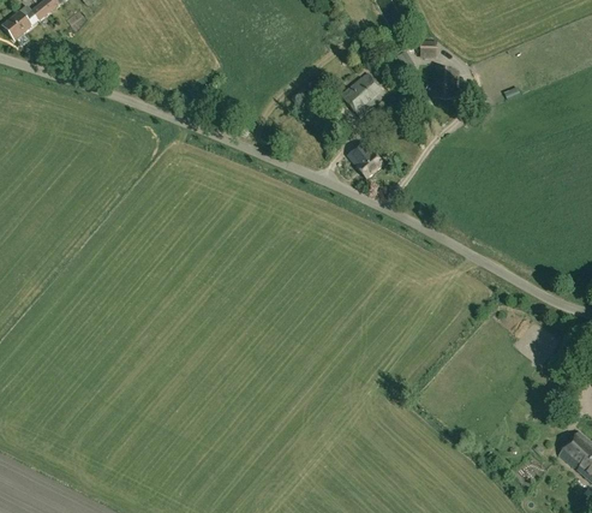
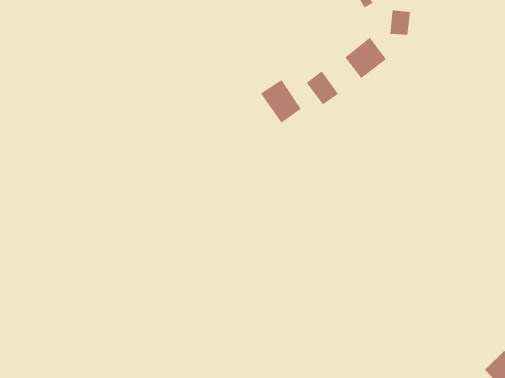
building: [341,71,387,117] -> [344,37,387,79]
building: none -> [260,79,302,124]

